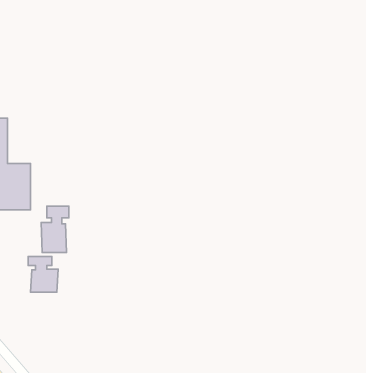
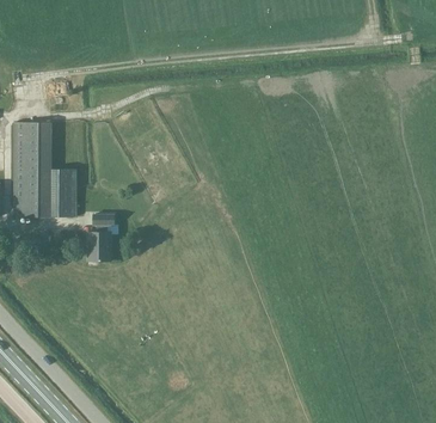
building: [28,257,58,292] -> none

